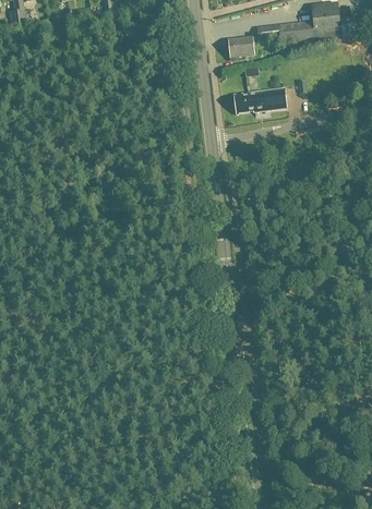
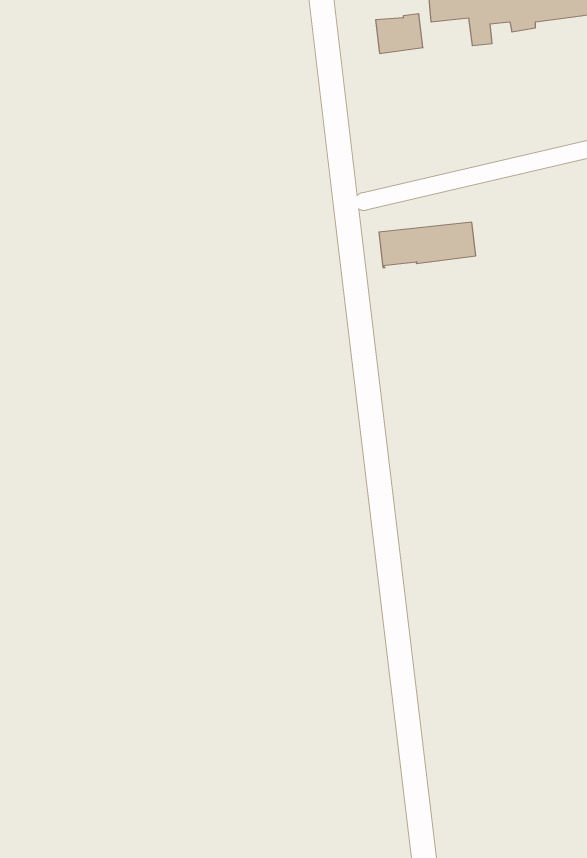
building: [233,87,287,112] -> [379,222,476,268]

